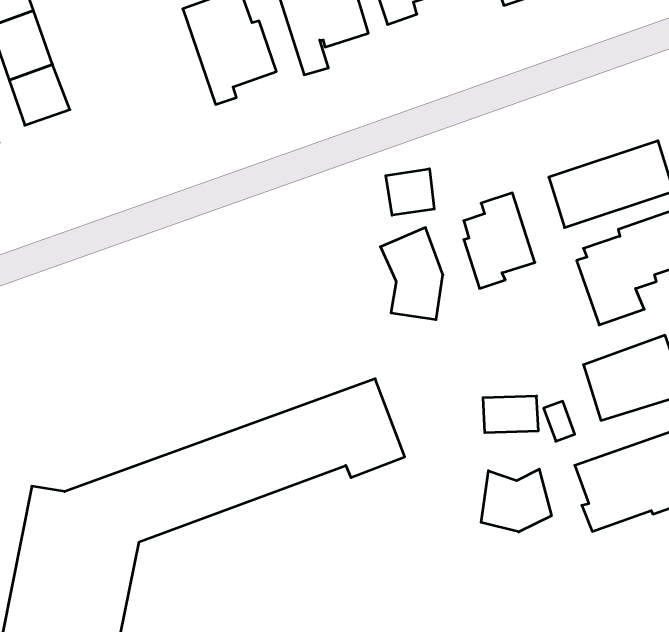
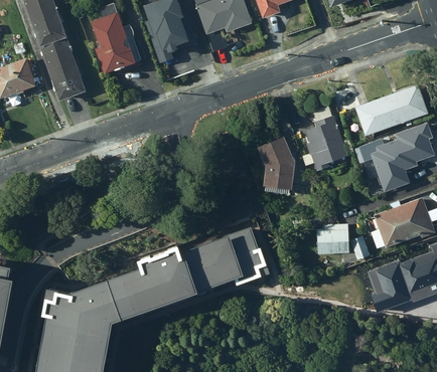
building: none -> [90,13,132,73]
building: none -> [50,67,86,104]
building: [386,169,434,215] -> none
building: [481,469,551,532] -> none

